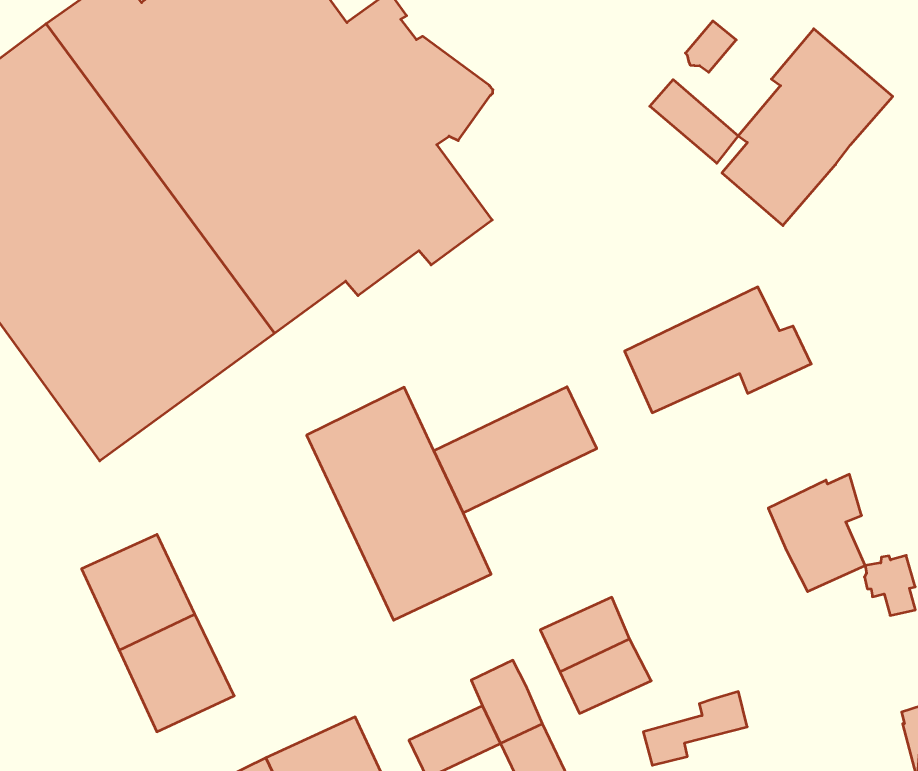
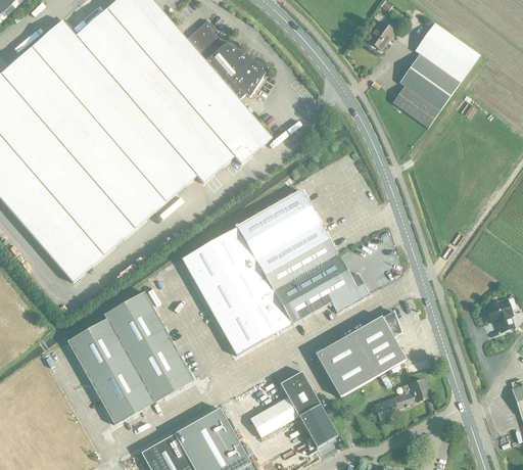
building: [650,80,738,163] -> none
building: [625,287,811,413] -> [269,254,369,326]
building: none -> [232,191,319,263]
building: [768,474,865,592] -> [351,312,406,376]
building: none -> [103,291,193,402]

